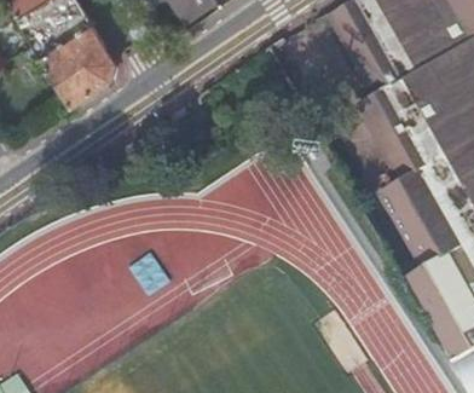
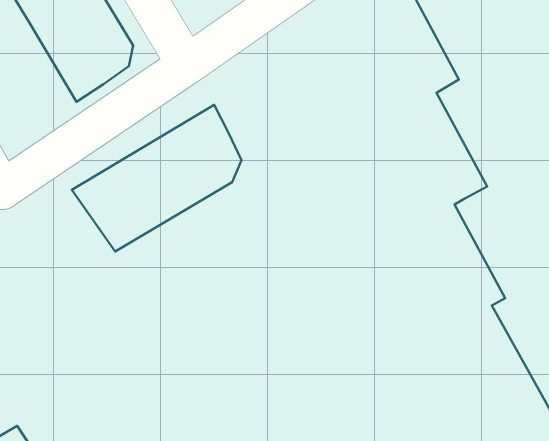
building: none -> [72,105,242,252]

